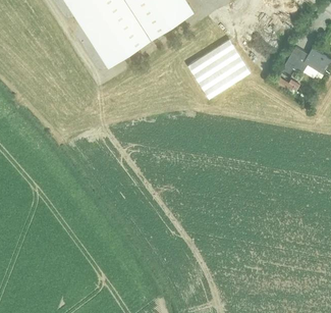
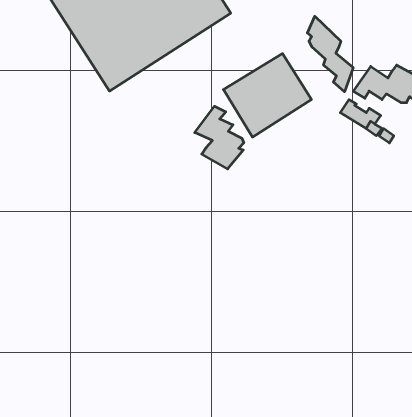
building: none -> [307,16,353,92]
building: none -> [195,106,244,169]

